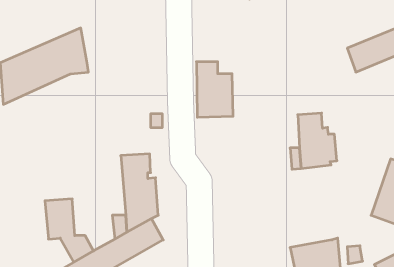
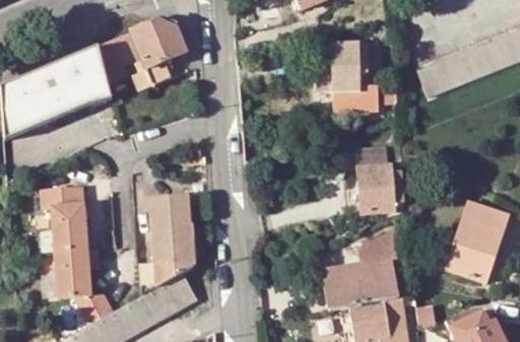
building: none -> [100,19,189,90]
building: [196,62,233,117] -> [333,45,377,111]
building: none -> [43,185,89,251]
building: none -> [324,233,399,310]

